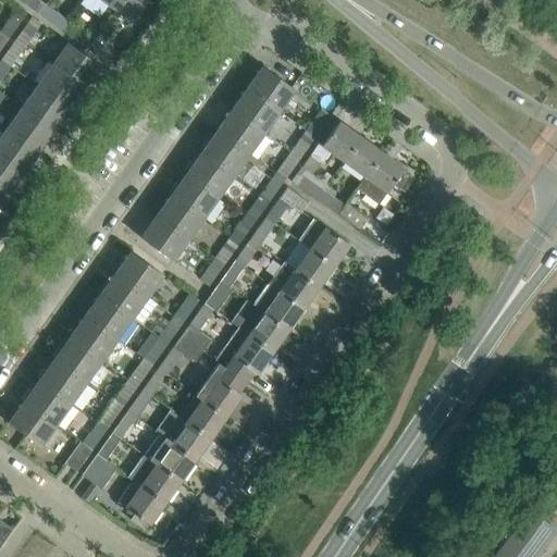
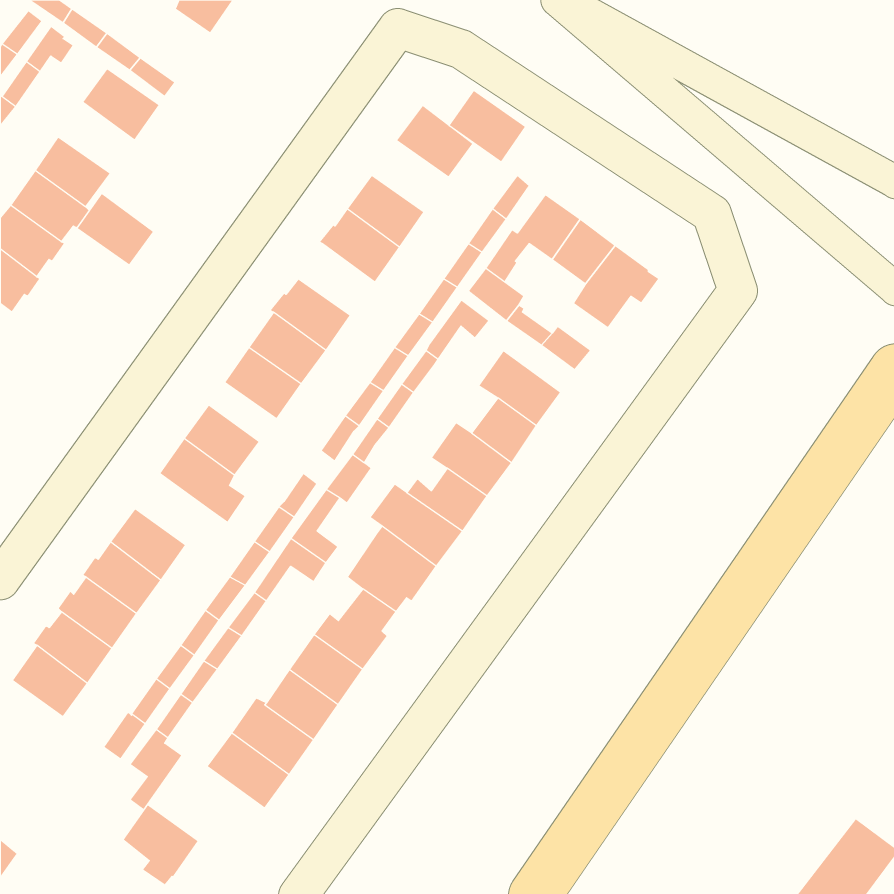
building: [37,64,85,109] -> [77,193,154,265]
building: [232,88,280,133] -> [449,90,526,162]
building: [185,152,234,197] -> none
building: [85,295,132,339] -> none
building: [119,480,165,530] -> [123,805,198,885]

